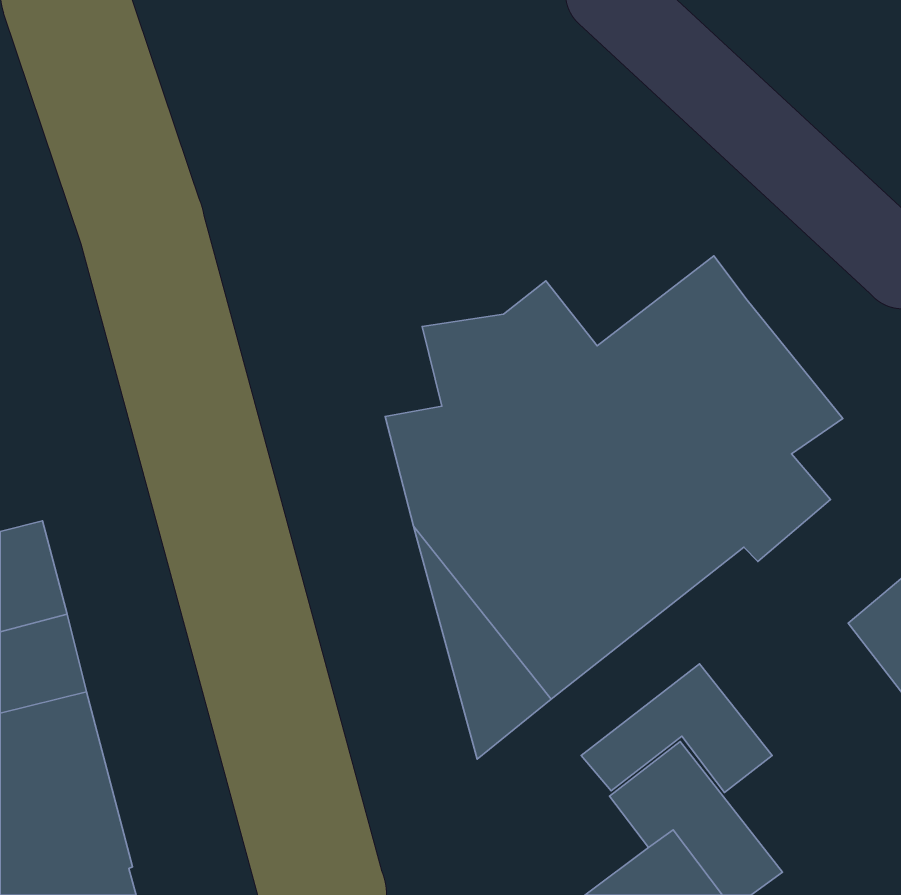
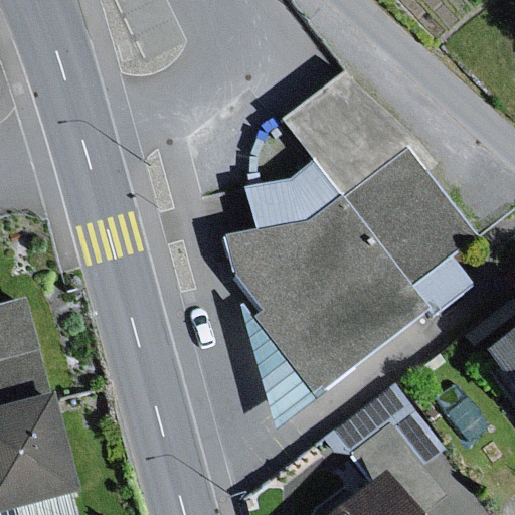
building: none -> [279,69,438,197]

